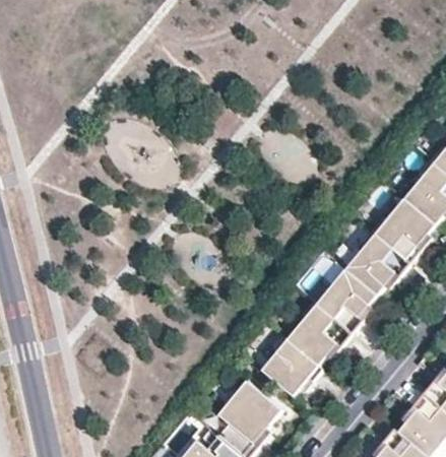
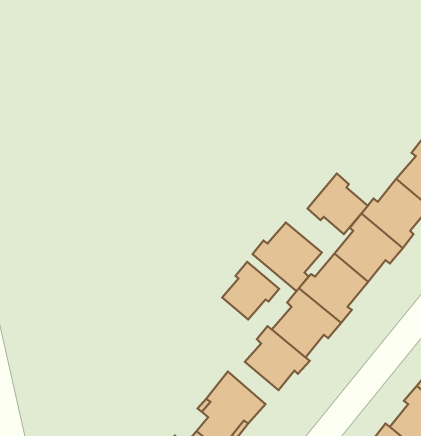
building: none -> [308,173,368,234]
building: none -> [252,223,322,291]
building: none -> [222,262,279,320]

